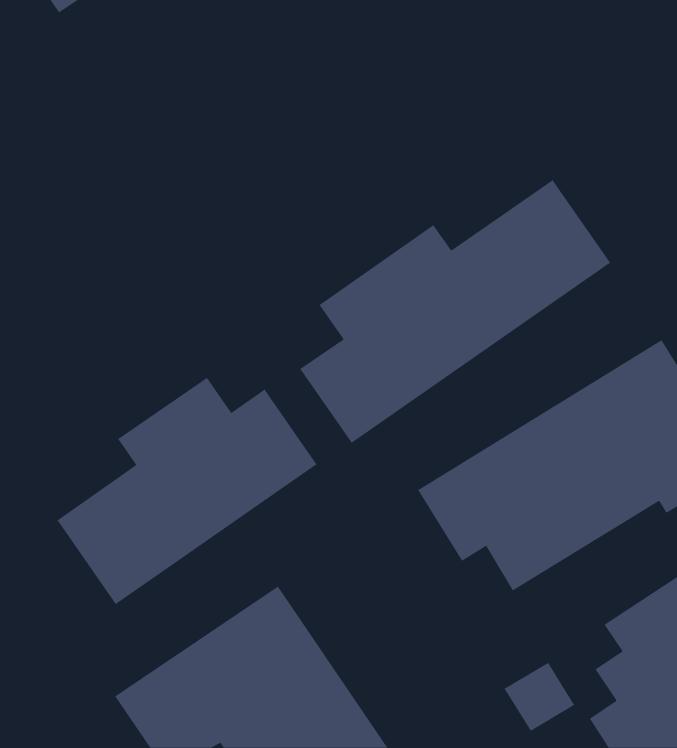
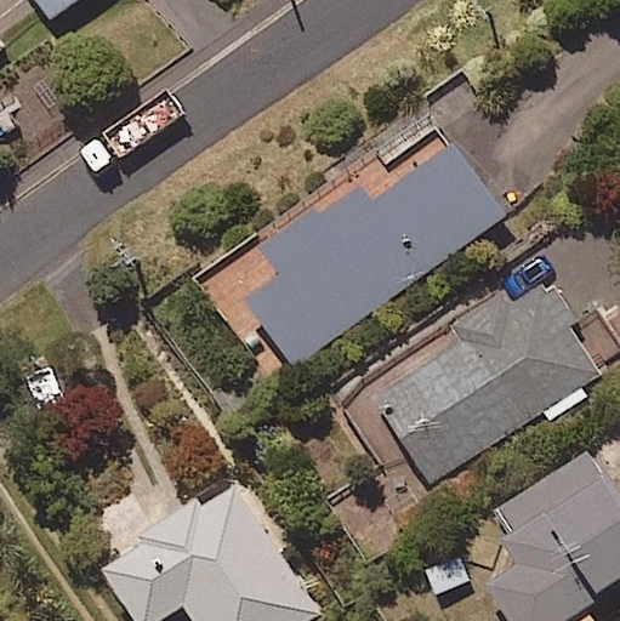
building: [56,377,317,605] -> none

